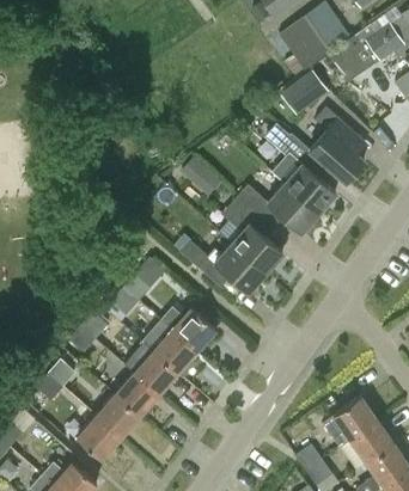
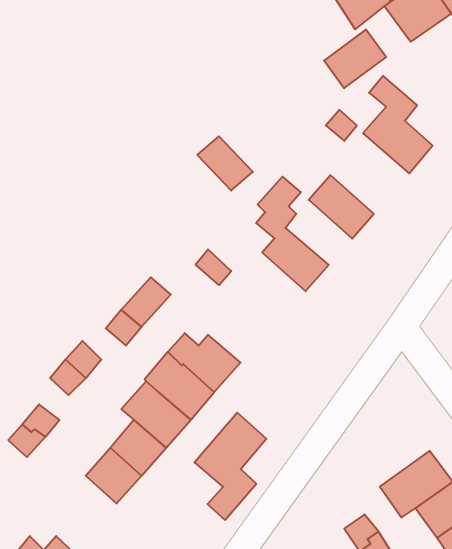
building: [285,162,336,213] -> none
building: [214,243,265,291] -> none
building: none -> [194,413,266,520]
building: [75,415,120,459] -> none

